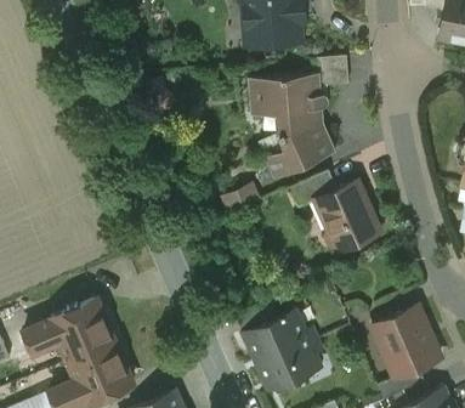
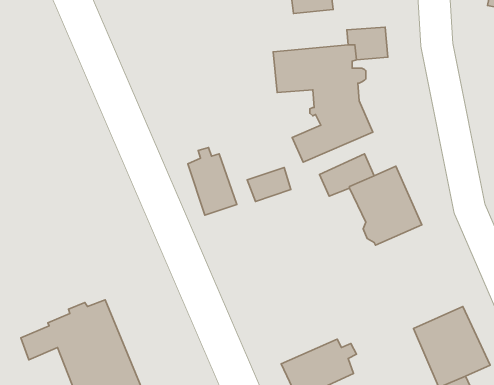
building: none -> [188,148,237,215]
building: [243,310,316,357] -> none

